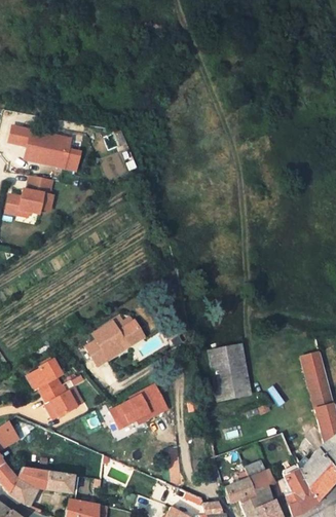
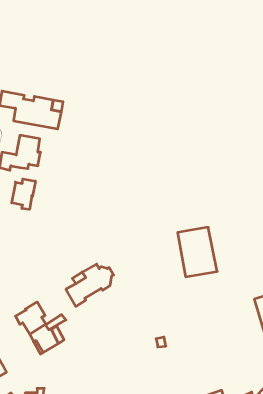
building: none -> [12,179,35,209]
building: [208,345,253,402] -> [178,227,217,277]
building: [116,389,174,433] -> none

